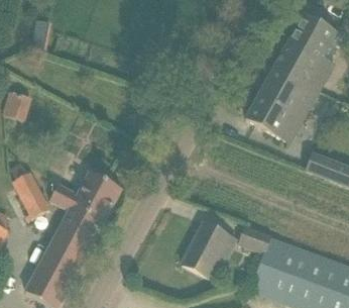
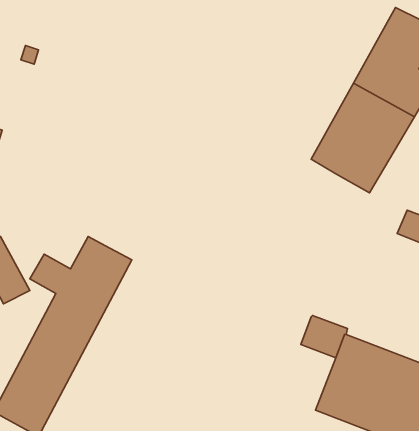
building: [182,221,234,279] -> none

